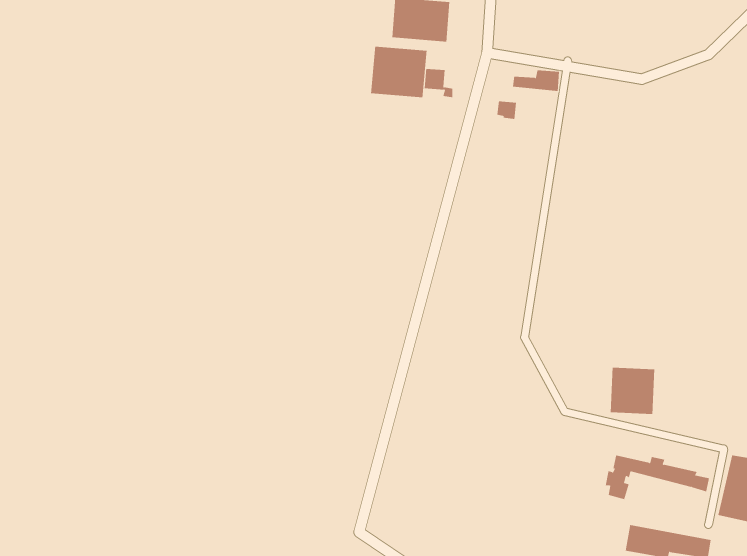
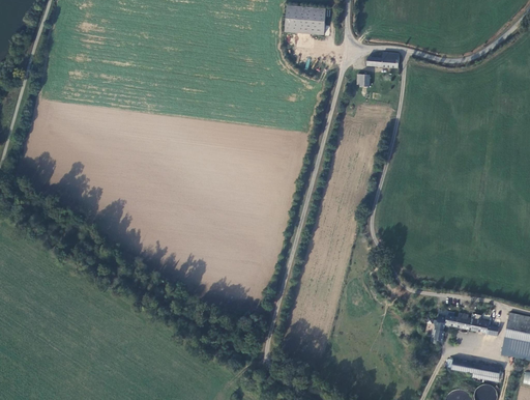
building: [371,46,427,98] -> none
building: [610,367,655,415] -> none

